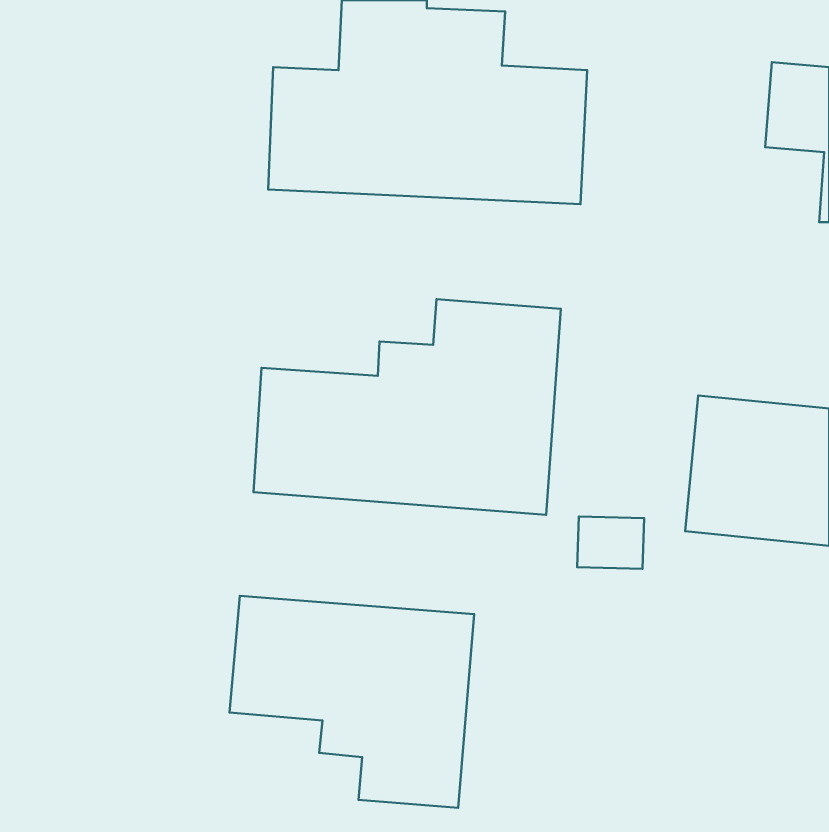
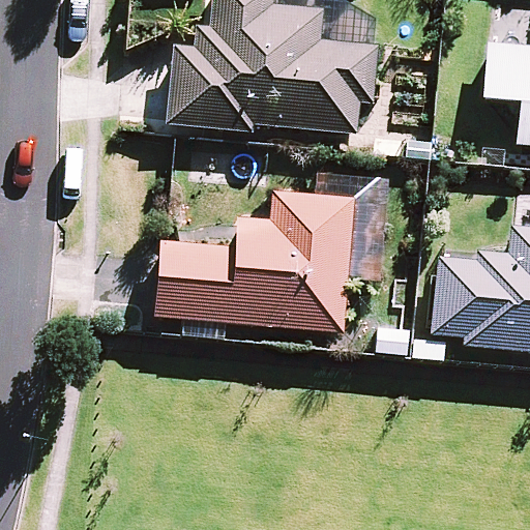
building: [230,596,474,808] -> none

